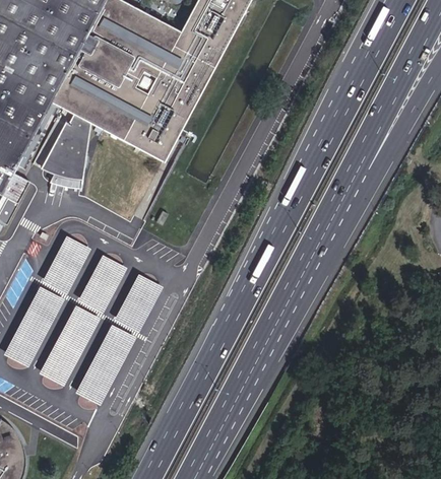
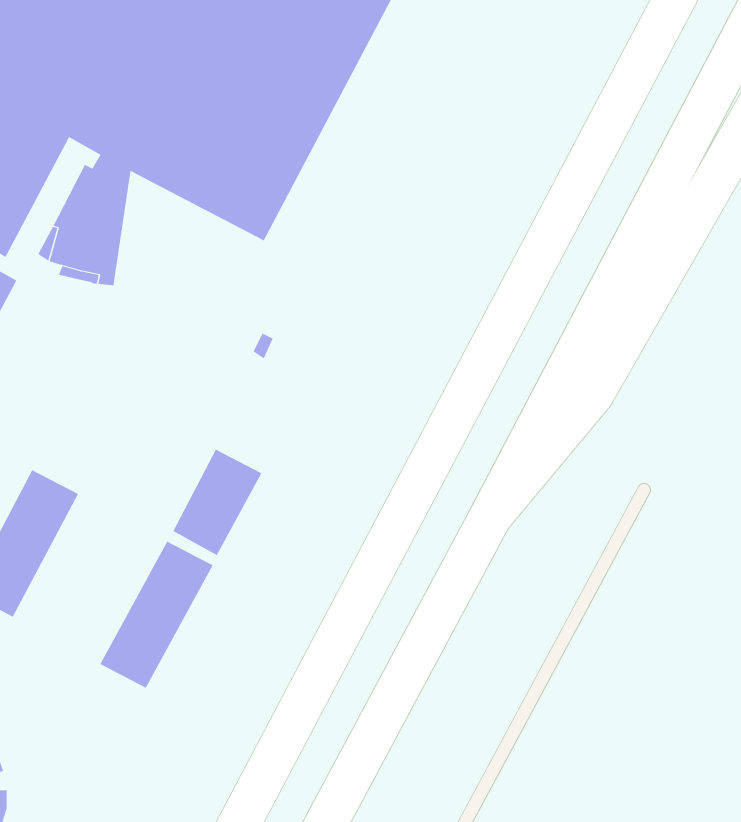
building: [41,233,89,291] -> none
building: [78,253,127,311] -> none
building: [39,302,100,384] -> none

